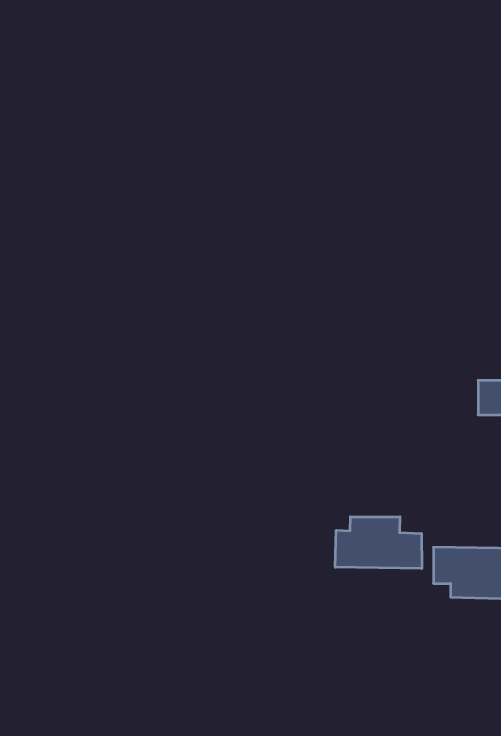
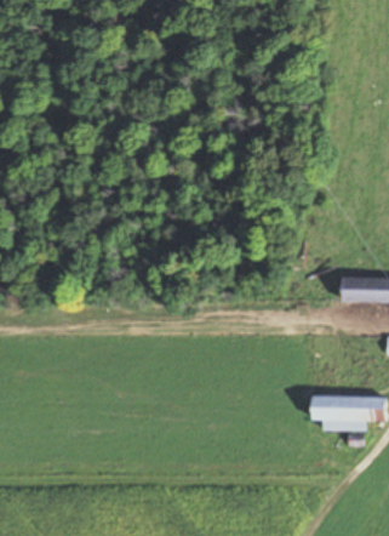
building: [335,517,422,569] -> none

